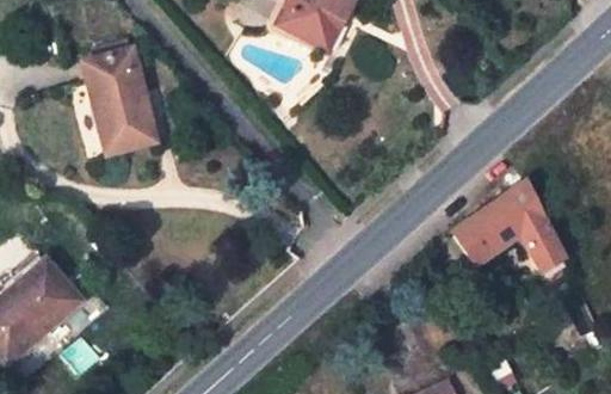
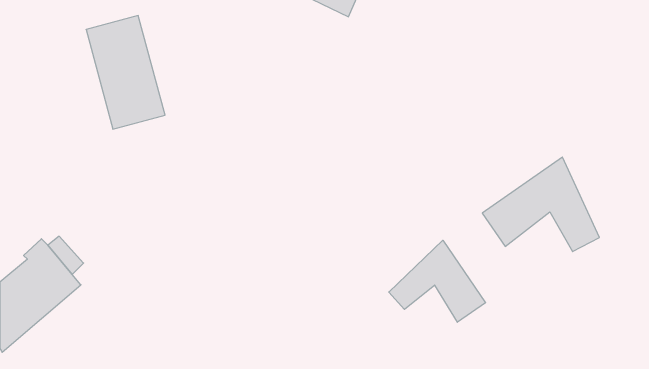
building: none -> [389,240,486,322]

